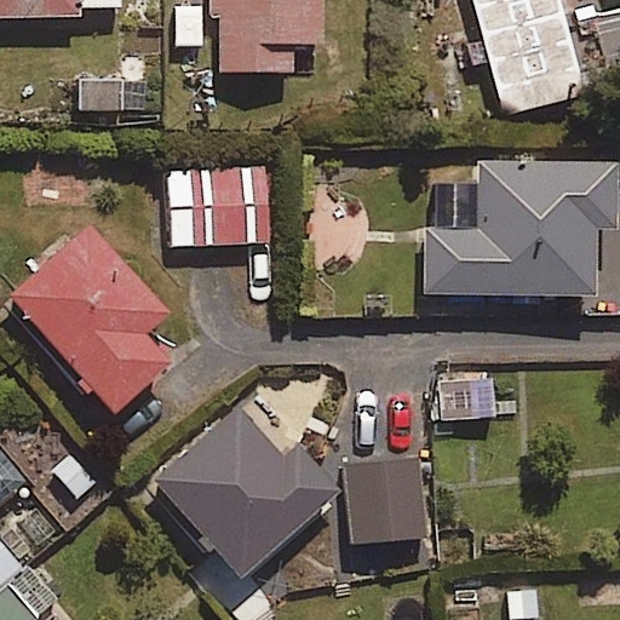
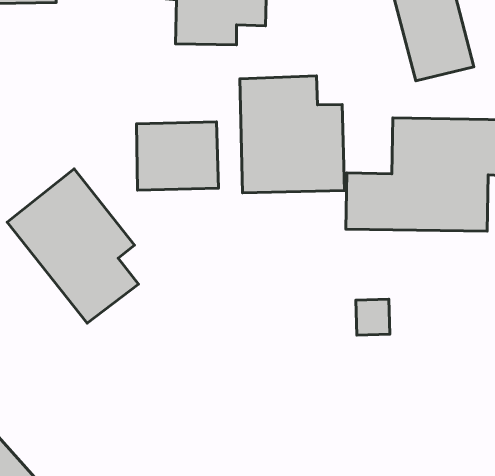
building: none -> [240,76,344,193]
building: [150,407,338,579] -> none
building: [348,460,419,544] -> none

